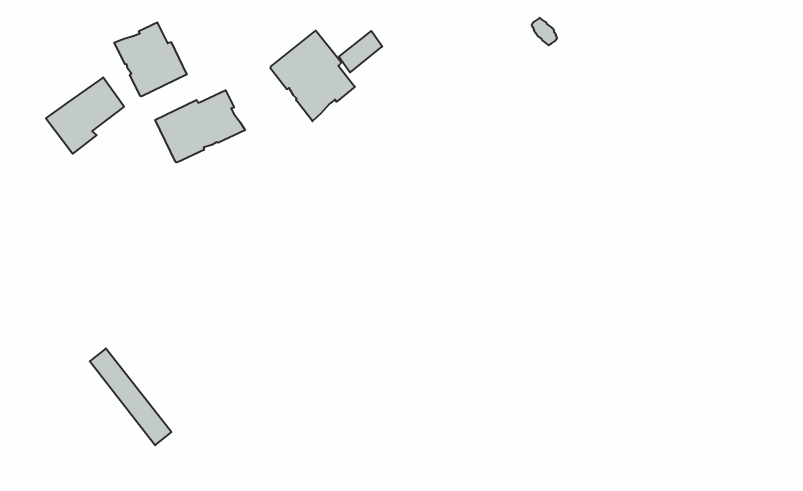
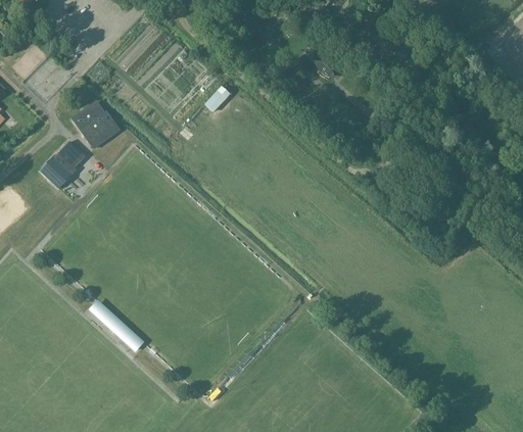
building: [270,31,355,121] -> none
building: [155,90,245,162] -> none

